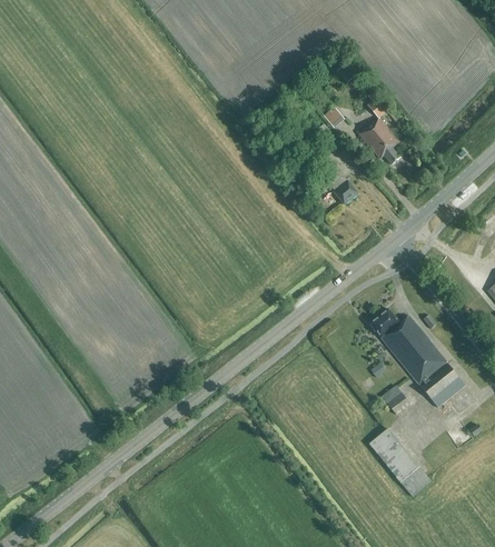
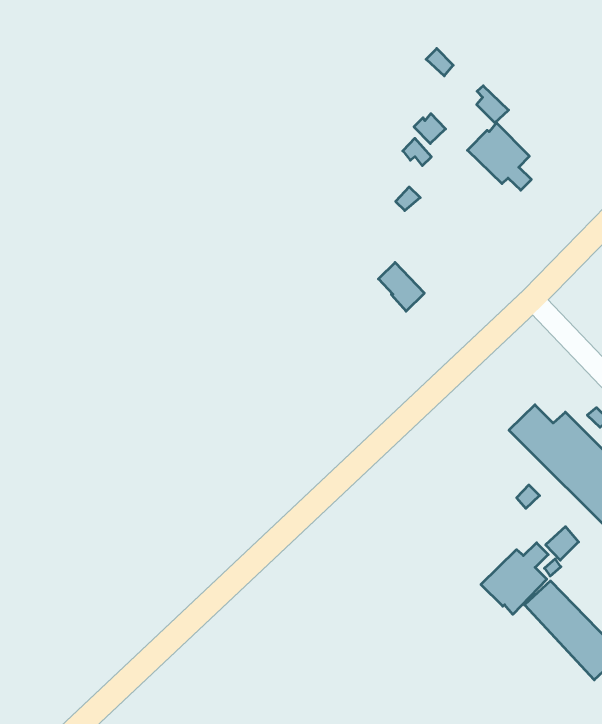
building: [327,170,357,203] -> [378,262,424,311]
building: none -> [481,543,548,614]

